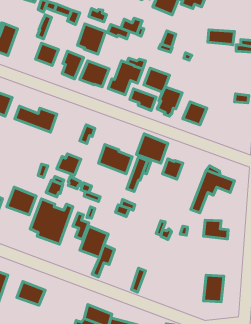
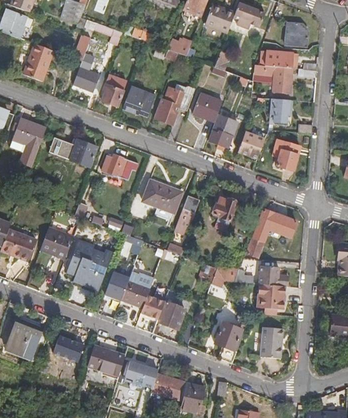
building: none -> [283,22,307,47]
building: [77,24,105,54] -> none
building: none -> [254,64,290,93]
building: none -> [269,98,291,122]
building: [130,89,156,110] -> none
building: none -> [272,140,299,170]
building: [136,134,168,163] -> none
building: [57,154,81,175] -> [102,152,129,176]
building: none -> [259,283,287,309]
building: none -> [159,301,184,329]
building: none -> [214,321,244,363]
building: none -> [87,344,125,374]

